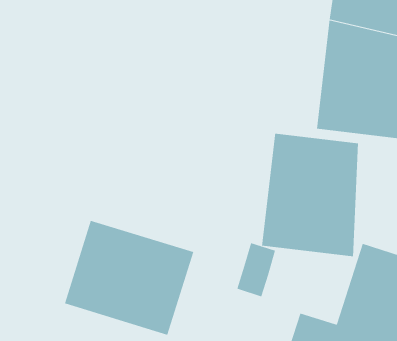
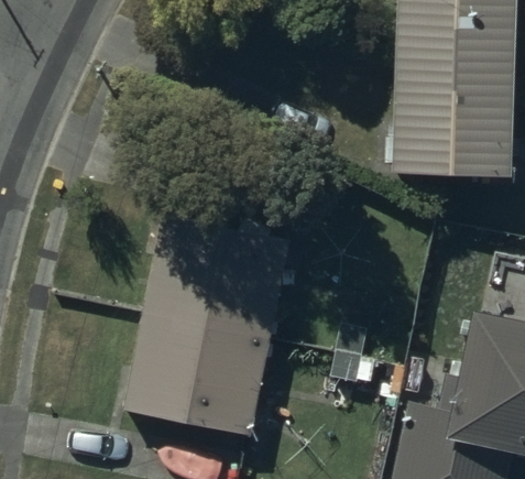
building: [262,133,358,257] -> none
building: none -> [146,217,291,336]

